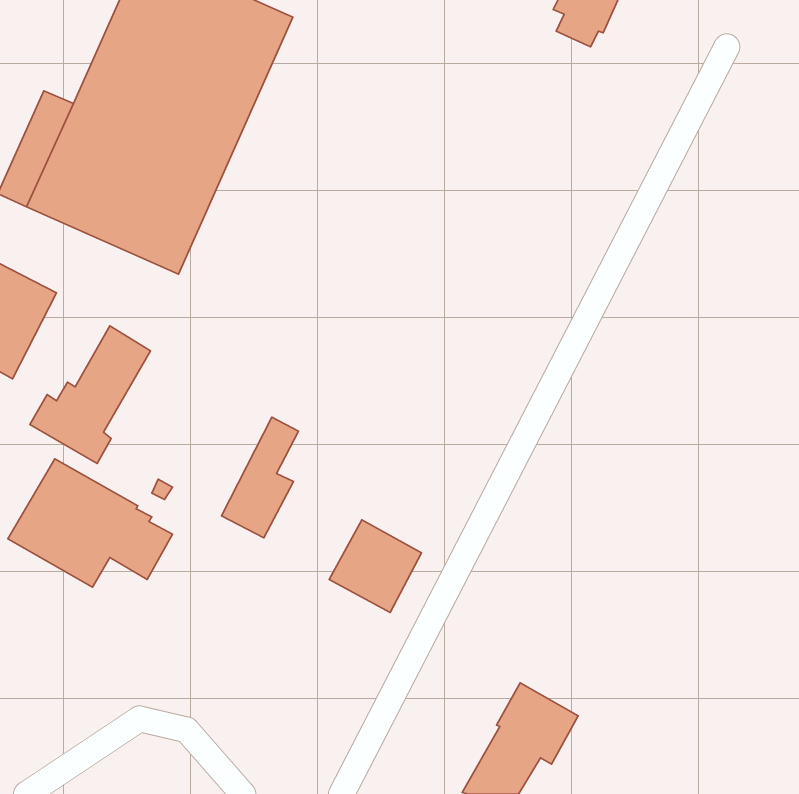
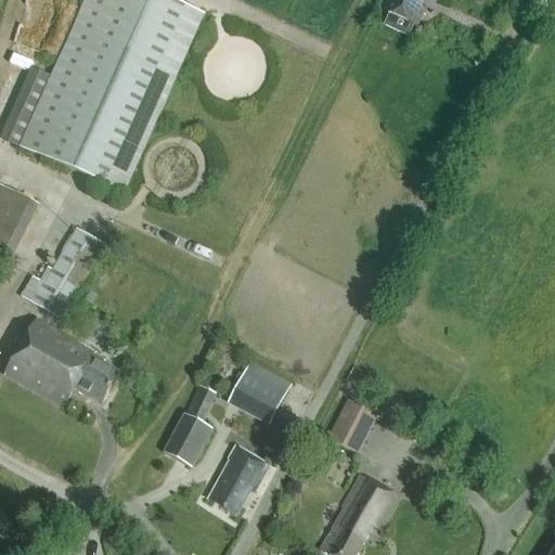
building: [222,417,298,538] -> [164,383,217,466]
building: none -> [330,398,378,451]
building: none -> [207,444,270,514]

